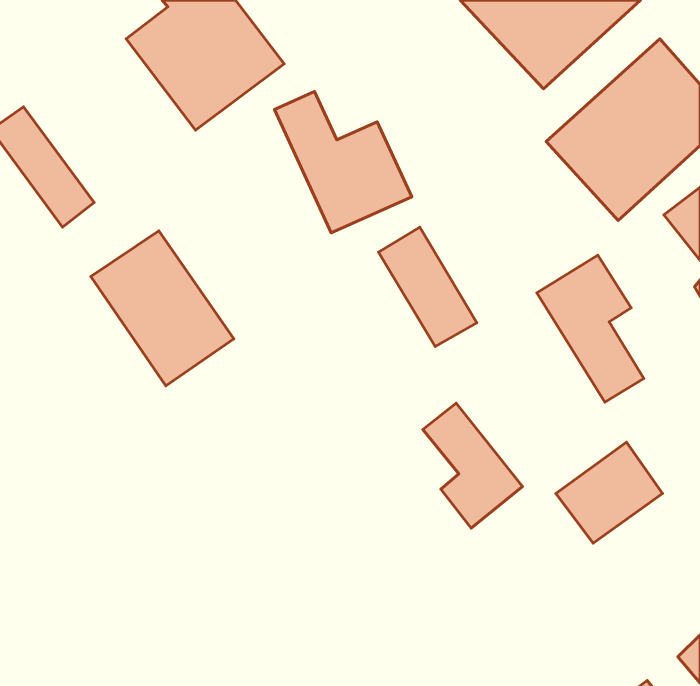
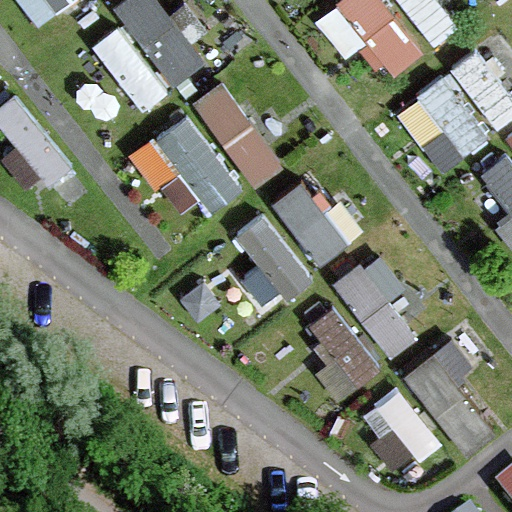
building: [91,231,234,386] -> [138,112,241,224]
building: [537,255,644,402] -> [336,251,413,357]
building: none -> [232,211,312,312]
building: none -> [360,388,432,469]

